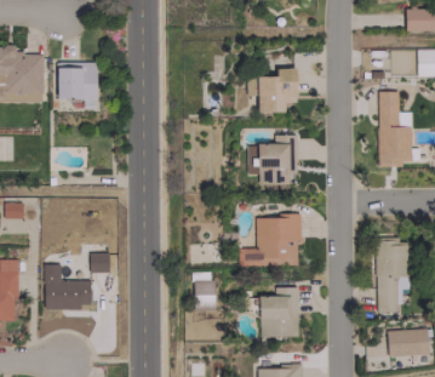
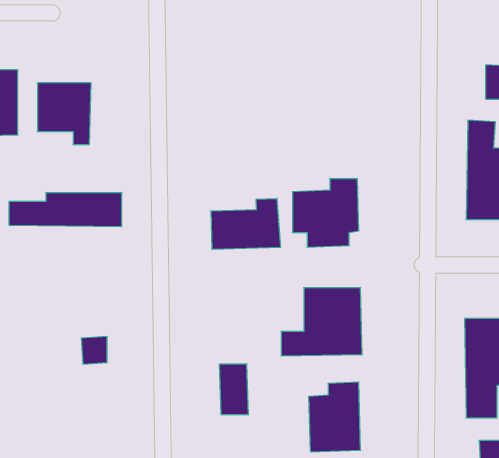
building: [258,68,298,113] -> none
building: none -> [9,192,122,227]
building: none -> [211,198,280,250]
building: [45,264,92,308] -> none

